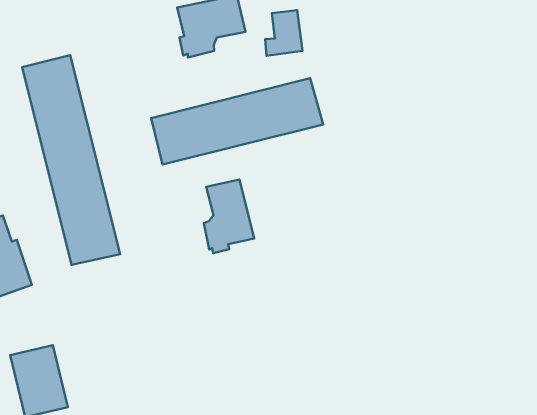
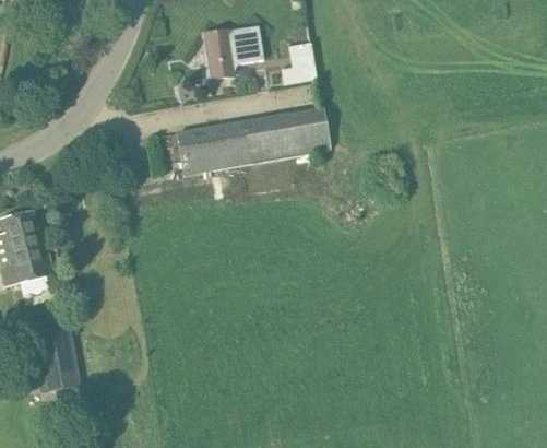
building: [22,55,120,265] -> none
building: [204,179,254,253] -> none

